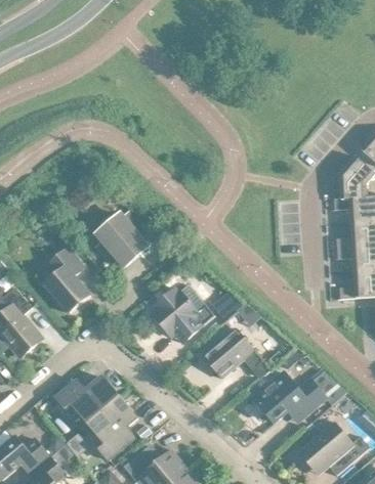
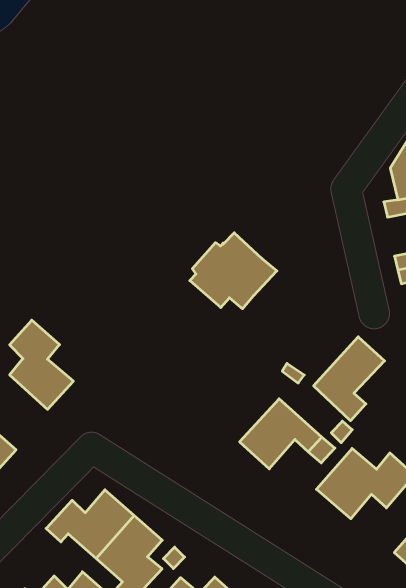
building: [96,215,148,267] -> none
building: [152,284,215,340] -> [190,233,277,309]
building: none -> [314,337,385,421]

